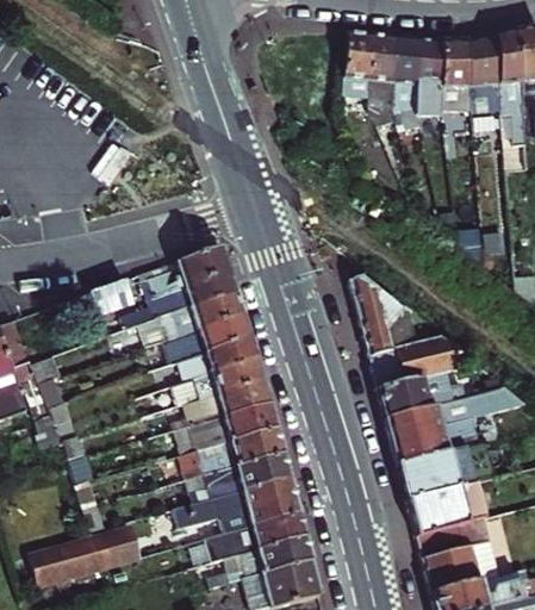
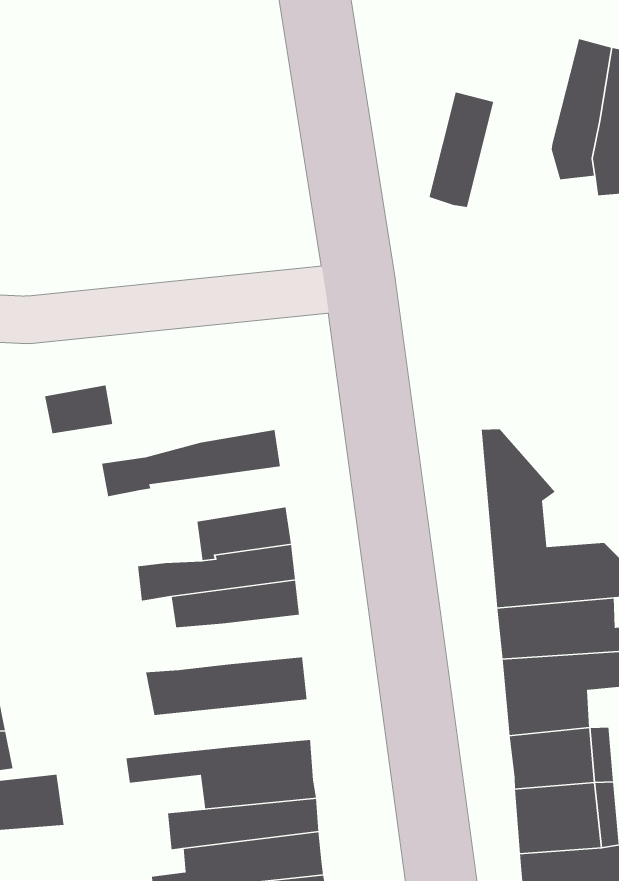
building: [349,25,380,95] -> [428,91,494,208]
building: [112,254,232,341] -> none
building: [155,320,247,372] -> none
building: [191,410,272,455] -> none
building: [186,461,285,509] -> none

